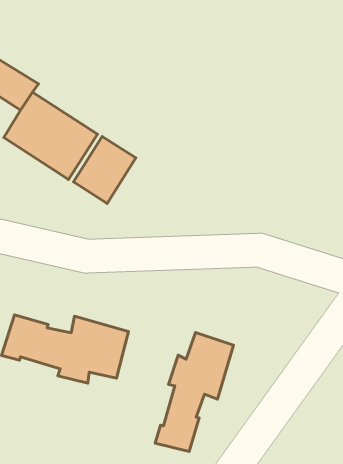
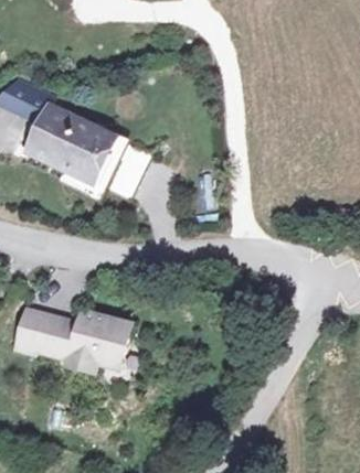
building: [155,333,233,451] -> none

